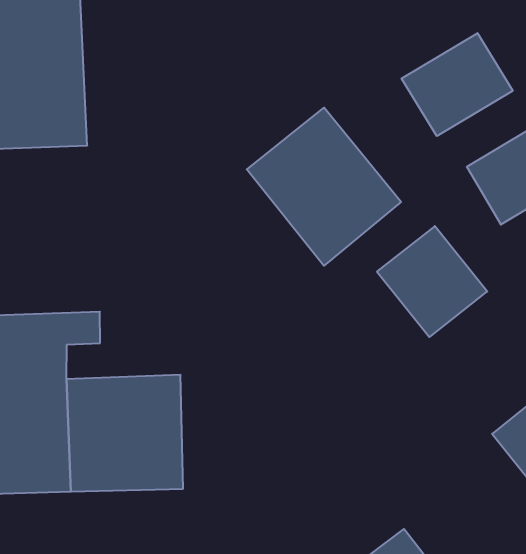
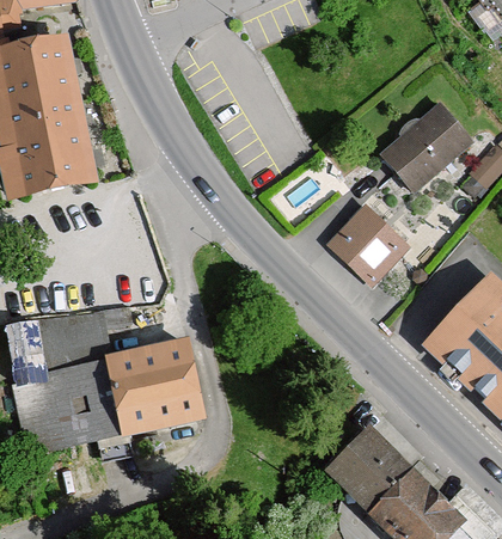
building: [402,33,513,136] -> none
building: [247,108,401,266] -> none

